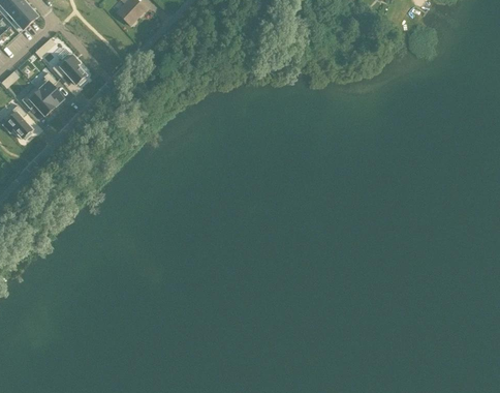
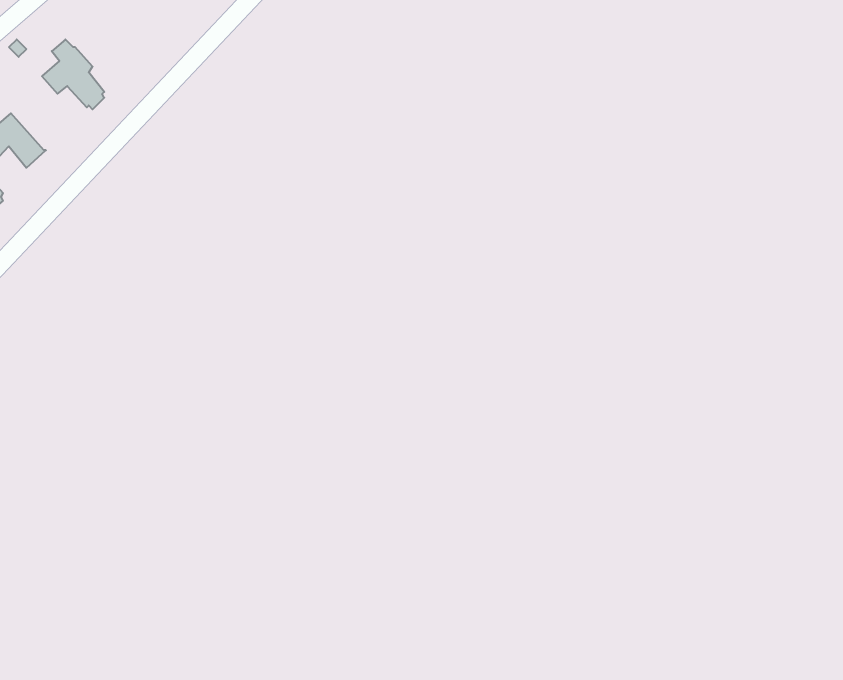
building: [35,70,63,105] -> none

